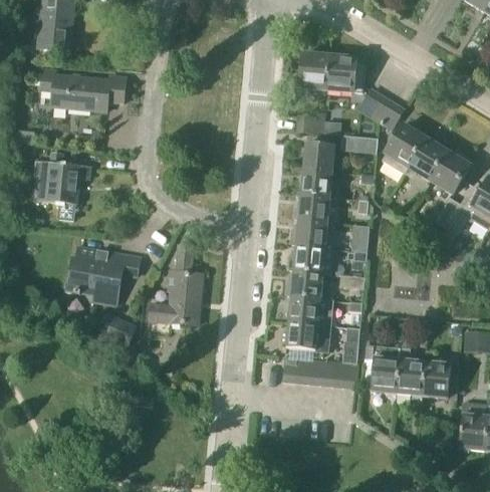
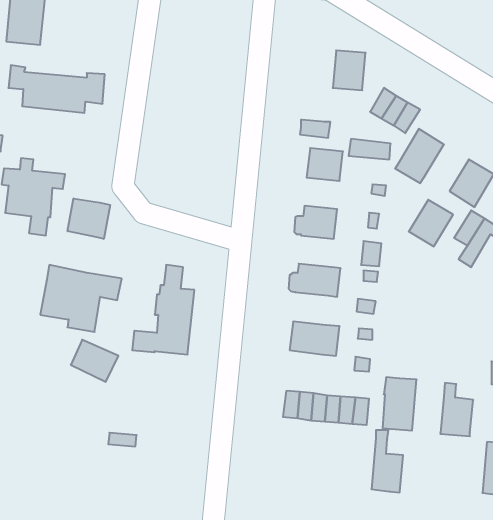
building: [301,53,329,88] -> none
building: [408,139,447,180] -> [409,200,453,246]
building: [301,168,339,197] -> none
building: none -> [68,198,110,239]
building: [290,219,327,247] -> none
building: [285,269,322,298] -> none
building: [286,320,330,350] -> none
building: [397,339,425,395] -> [371,430,403,492]

